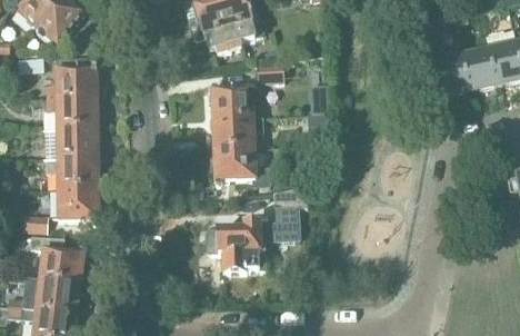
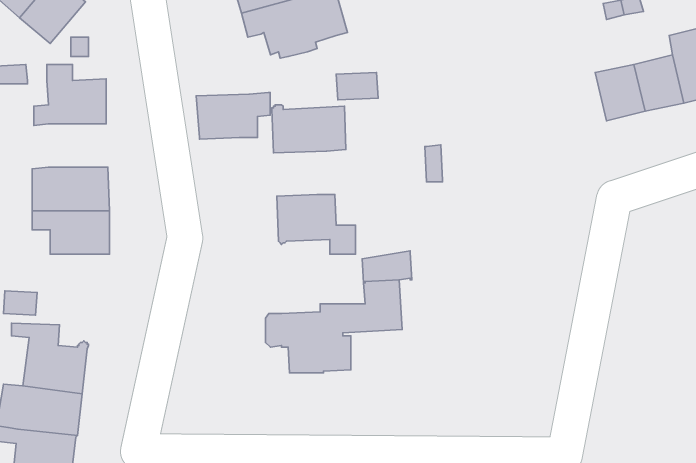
building: [46,97,97,127] -> none
building: [211,115,262,147] -> [196,93,270,139]
building: [57,187,98,221] -> none

